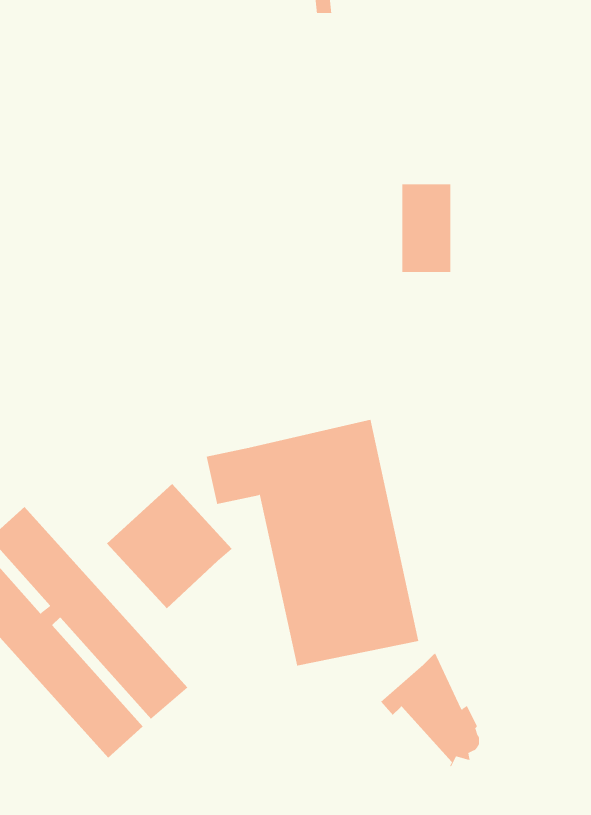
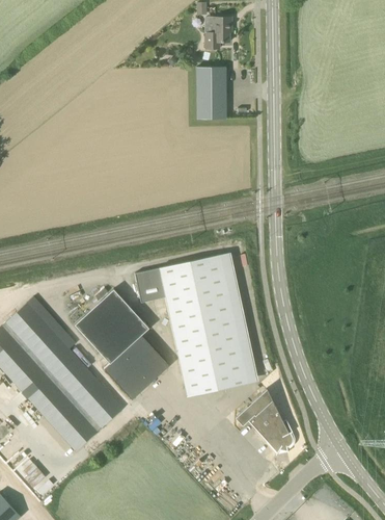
building: none -> [205,17,232,49]
building: [402,184,451,273] -> [197,67,226,119]
building: none -> [104,335,169,399]

